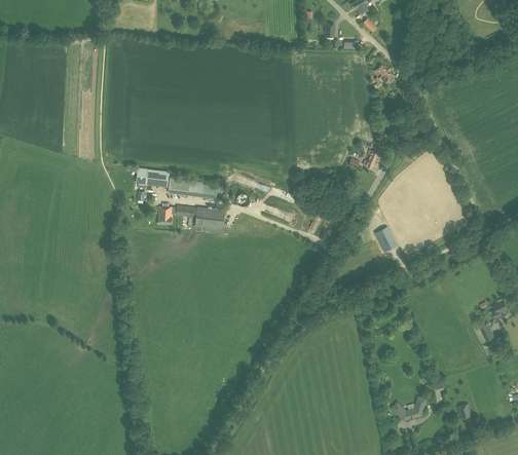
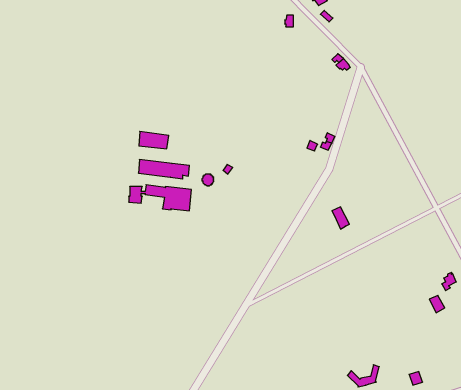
building: [136,167,168,186] -> [139,131,169,149]

